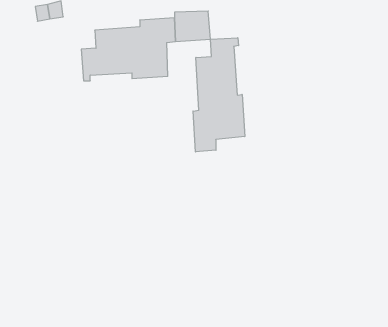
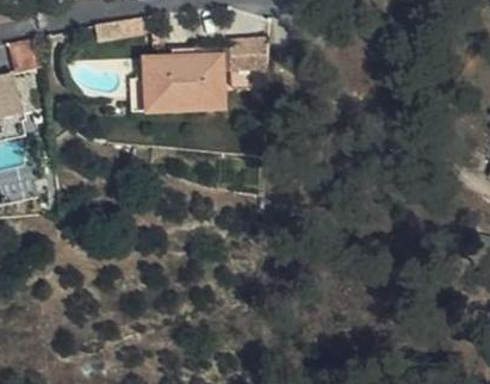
building: [193,38,245,152] -> none

